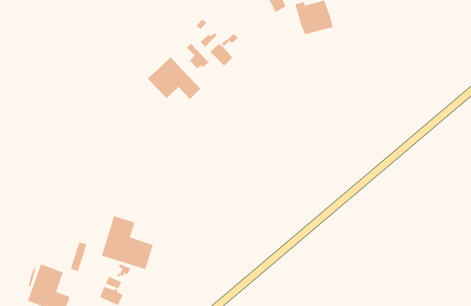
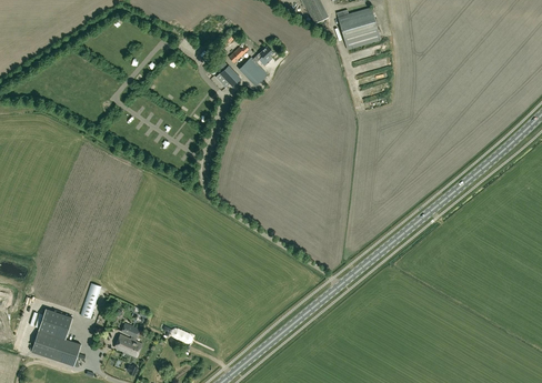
building: [147,57,201,100] -> none
building: [101,215,154,270] -> none

